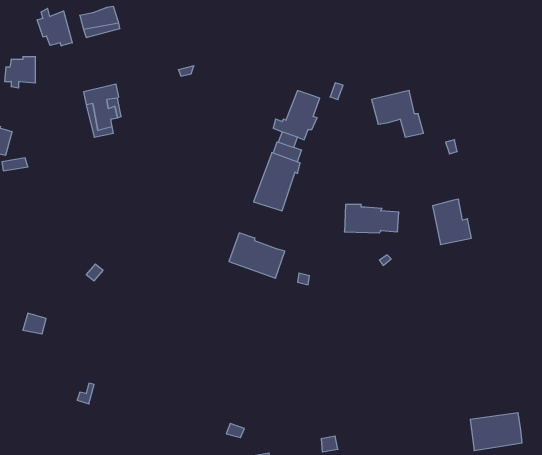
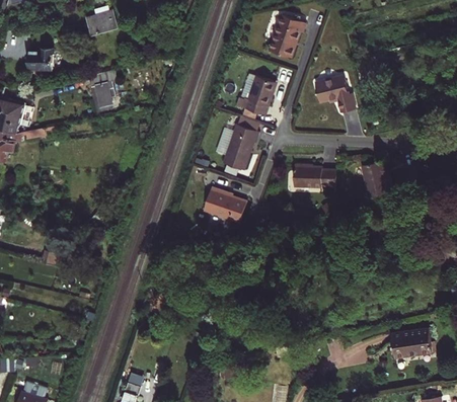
building: [37,8,72,46] -> none
building: none -> [269,14,305,58]

